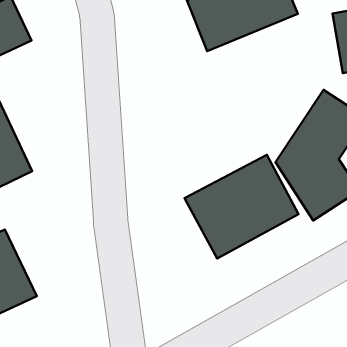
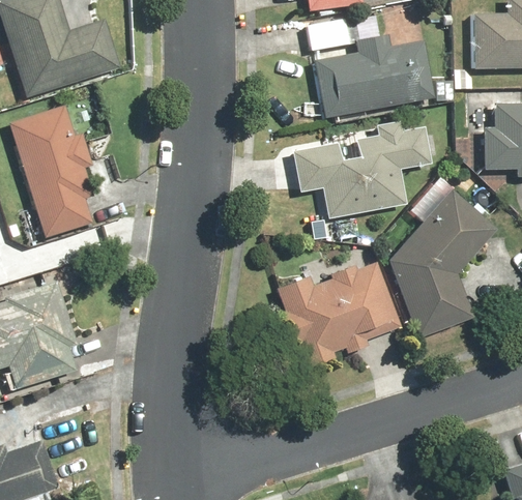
building: none -> [287,120,434,222]

